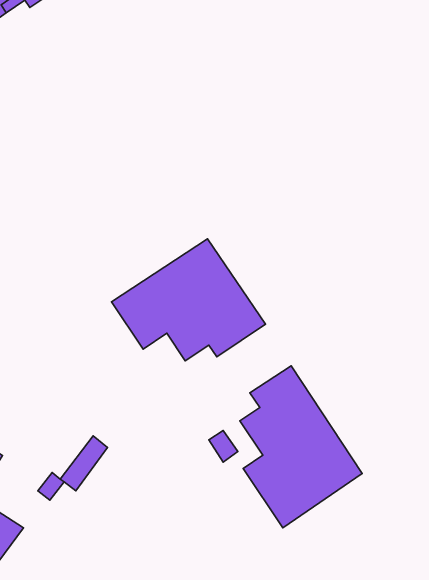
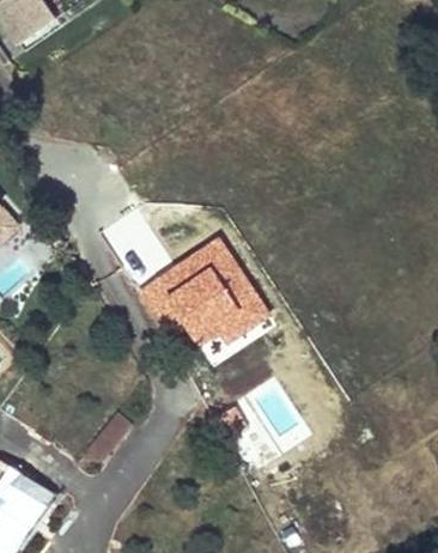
building: [240,366,362,528] -> none

